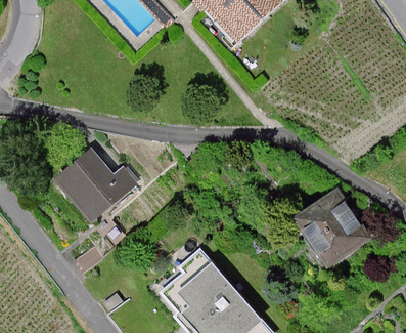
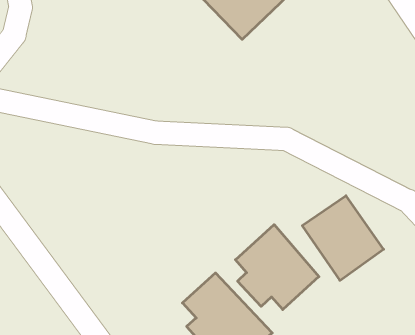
building: [60,144,141,219] -> none
building: none -> [235,225,319,310]

